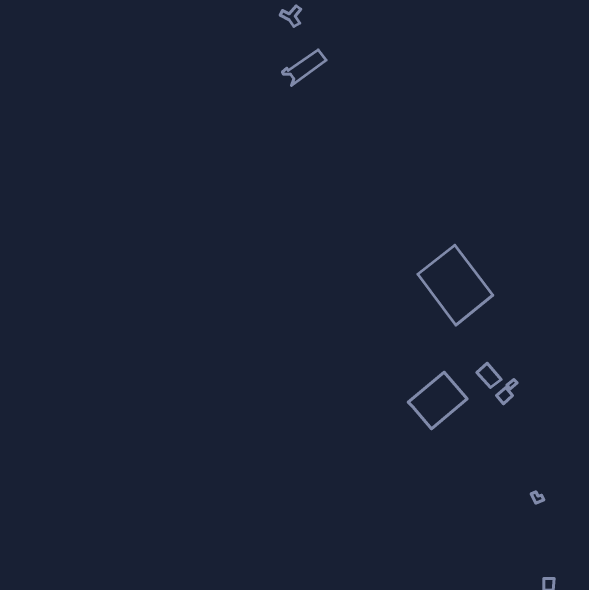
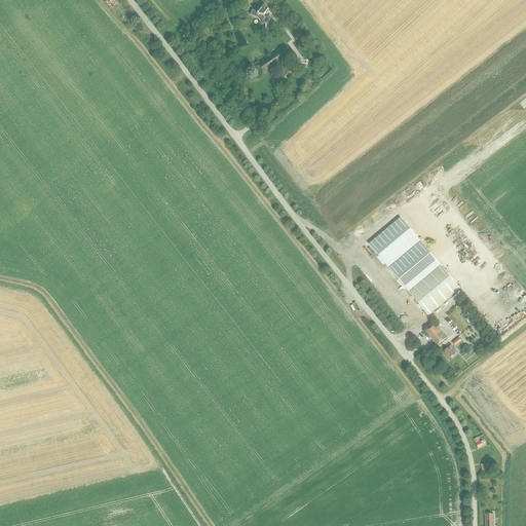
building: [408,372,467,429] -> [406,264,458,314]

